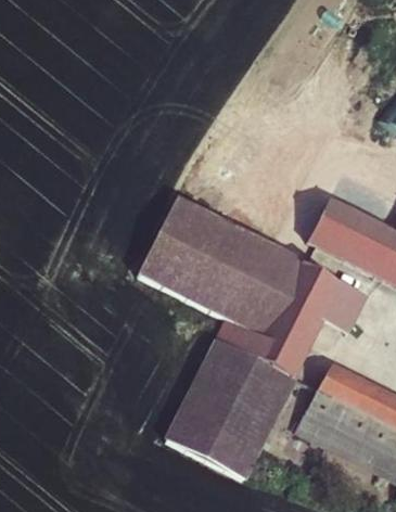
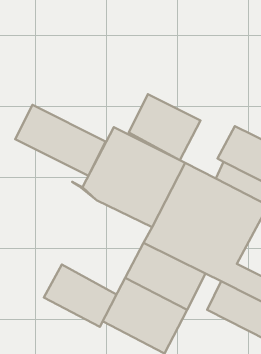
building: none -> [129,94,200,160]
building: none -> [15,105,106,176]
building: none -> [44,264,116,327]

